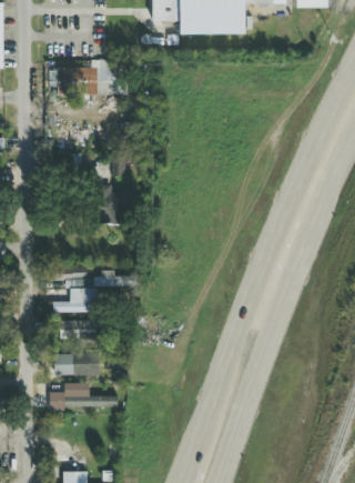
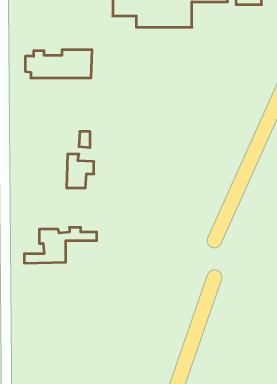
building: [59,320,94,341] -> none
building: [59,355,99,376] -> none
building: [49,383,116,410] -> none

